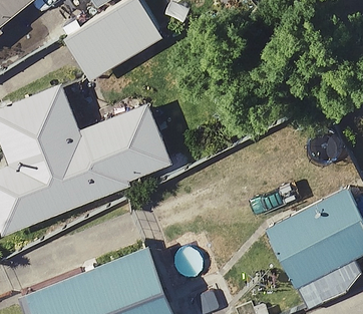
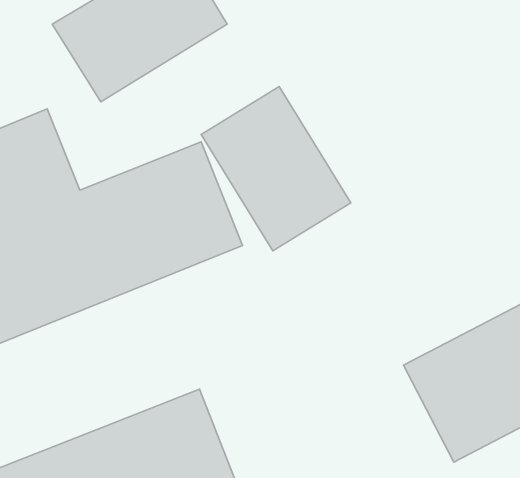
building: none -> [201,86,351,251]

